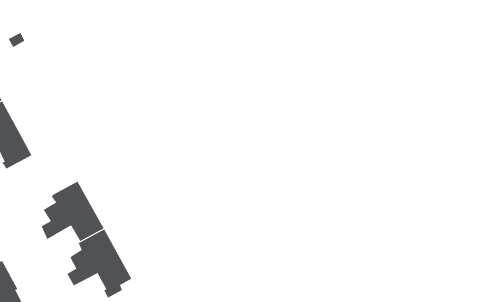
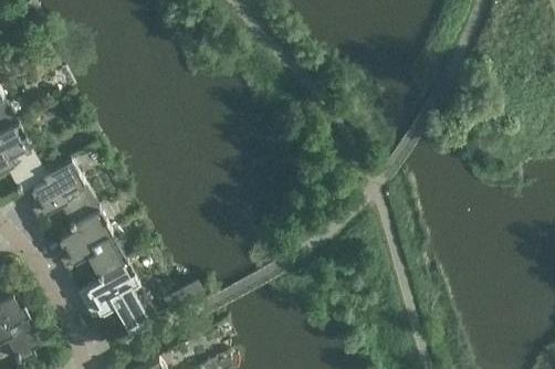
building: none -> [28,160,96,222]

